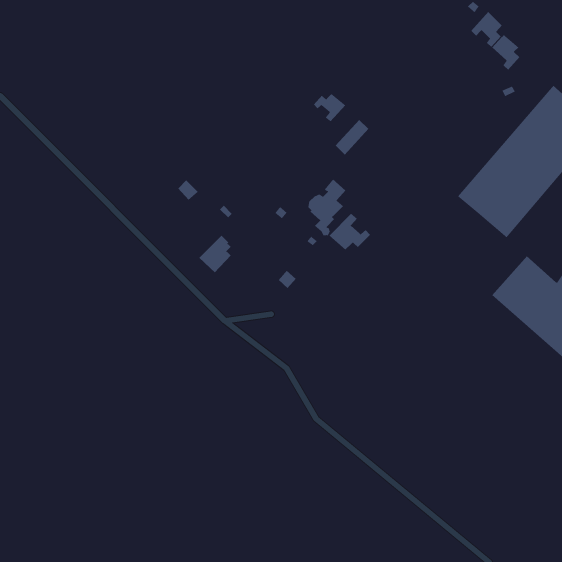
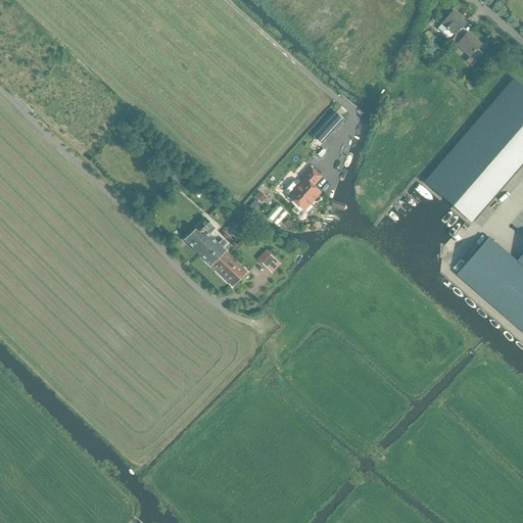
building: [313,93,346,122] -> none
building: [328,213,371,251] -> none
building: none -> [200,237,247,286]

